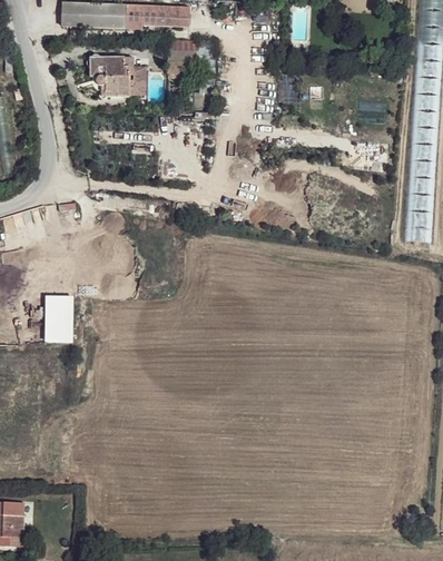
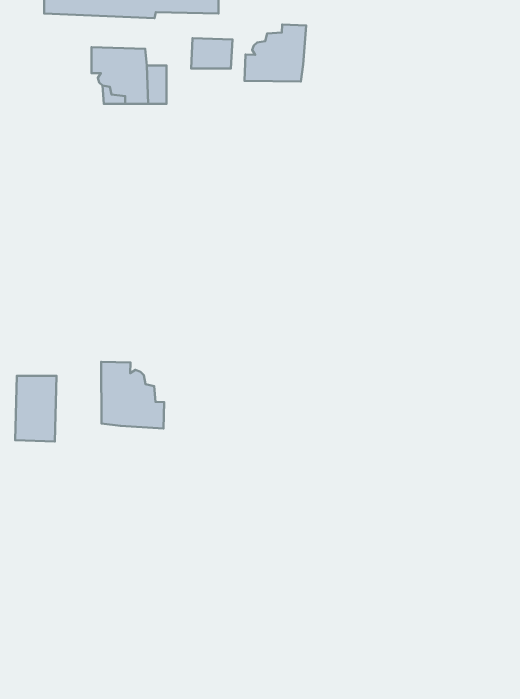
building: none -> [244,25,306,82]
building: none -> [101,362,164,428]

